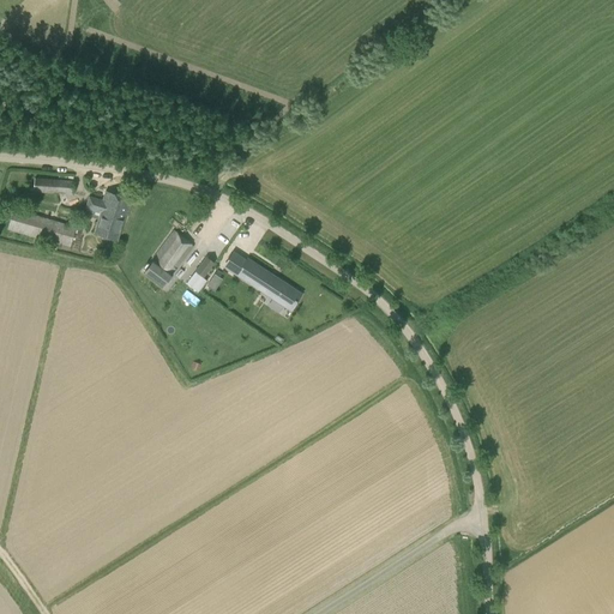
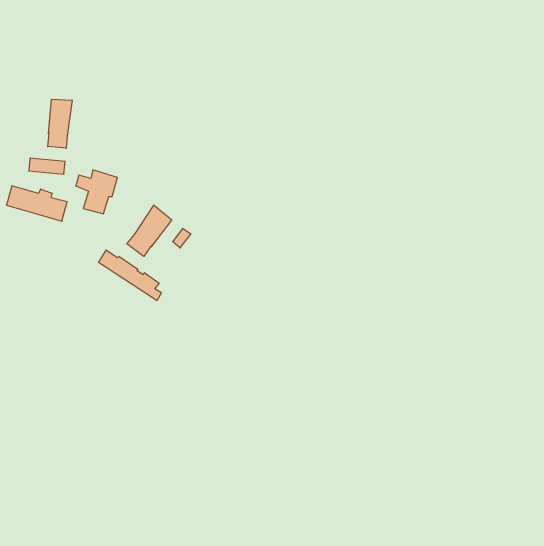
building: none -> [48,99,72,148]
building: [225,253,296,309] -> [98,250,161,300]

